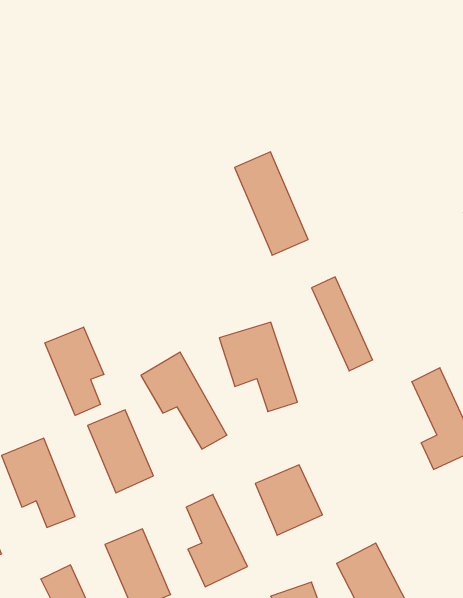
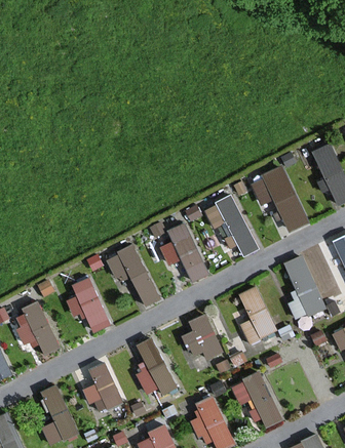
building: [235,152,308,255] -> [259,165,307,233]
building: [45,327,104,415] -> none
building: none -> [236,286,276,344]

